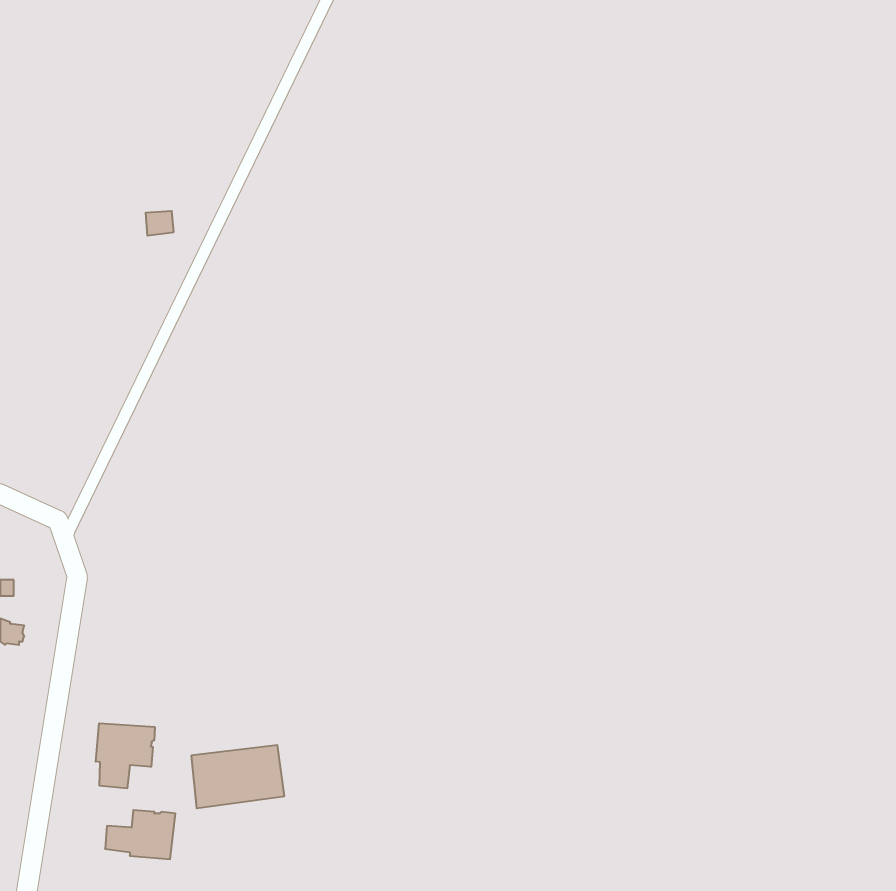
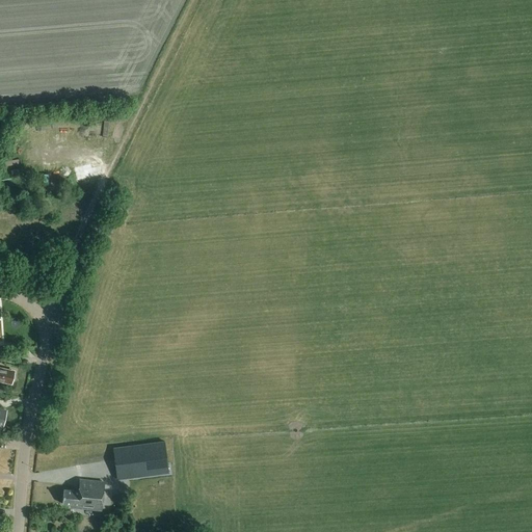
building: [96,723,155,788] -> none

